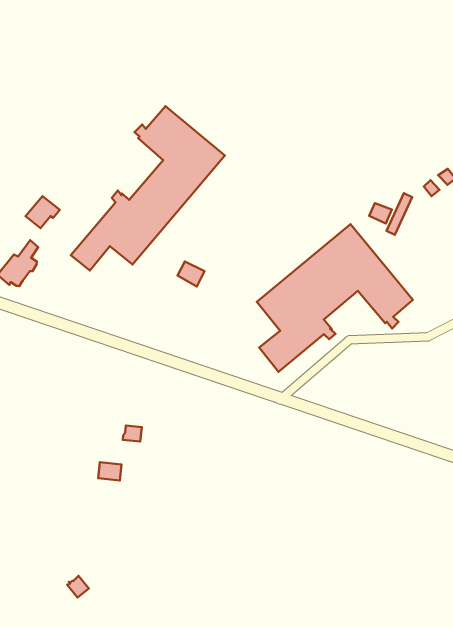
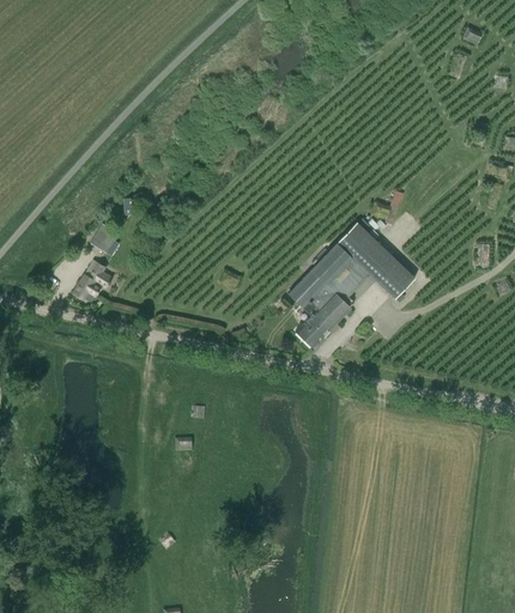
building: [71,106,225,270] -> none

